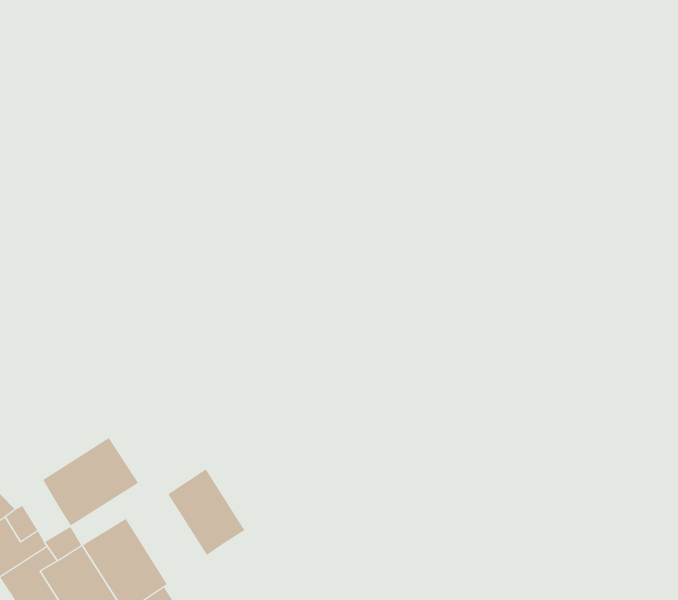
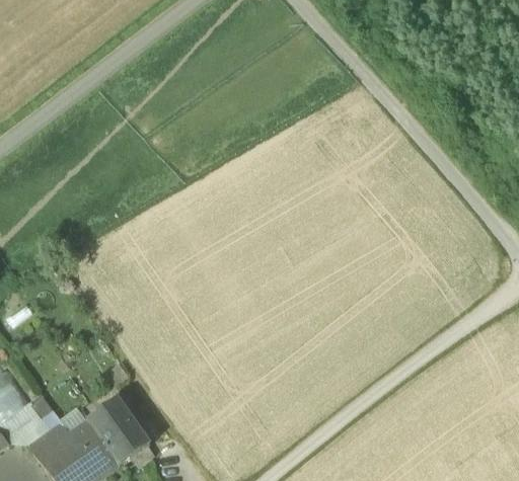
building: [43,437,139,526] -> none
building: [167,468,245,556] -> none

